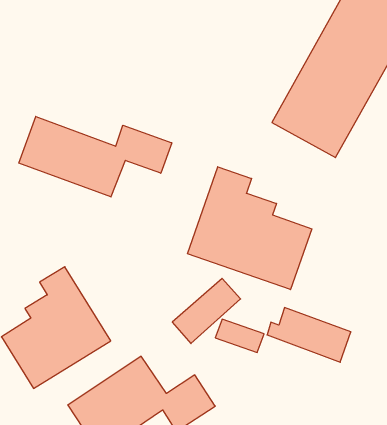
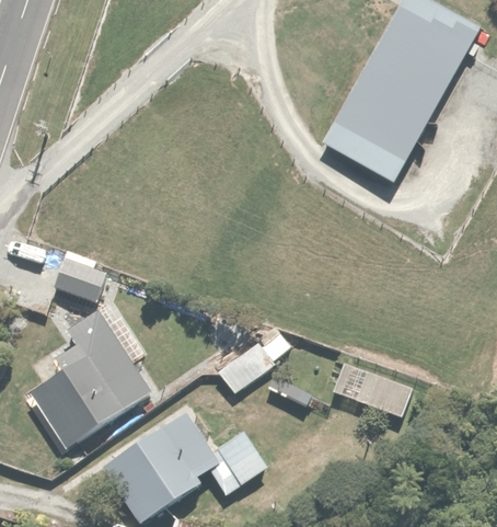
building: [19,116,172,197] -> none
building: [188,167,312,290] -> none
building: none -> [51,249,103,301]

